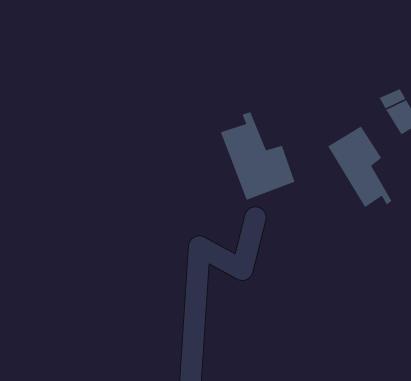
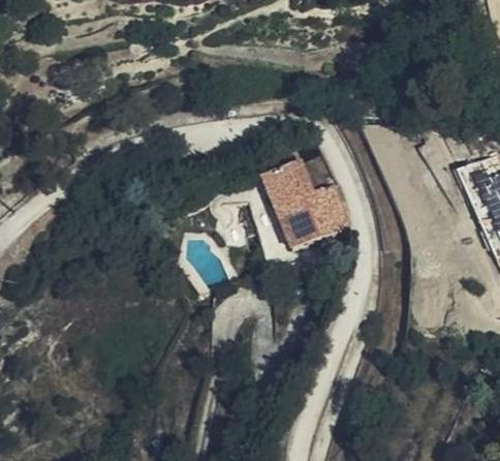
building: [327,125,392,208] -> none

